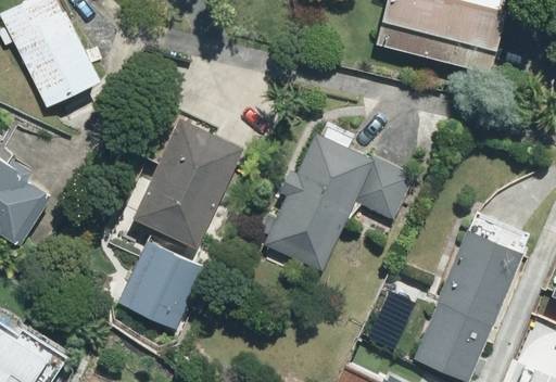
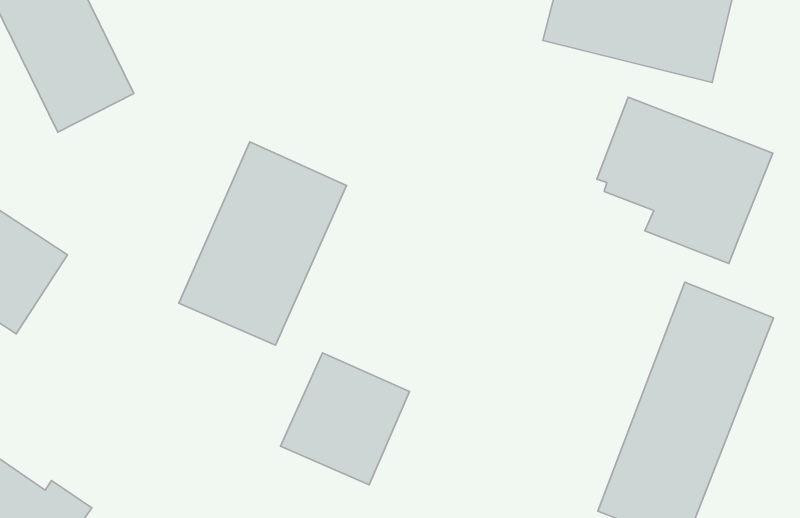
building: none -> [597,97,773,264]
building: [262,132,414,271] -> none
building: [117,239,204,328] -> [281,353,409,485]

